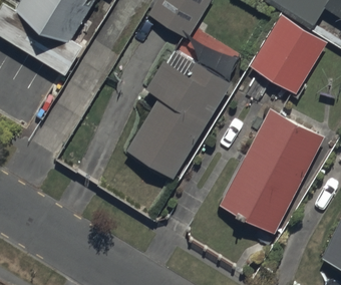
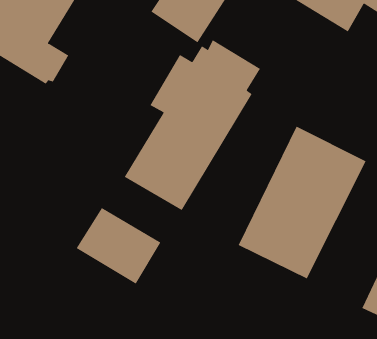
building: [249,15,326,95] -> none
building: none -> [76,207,161,285]

